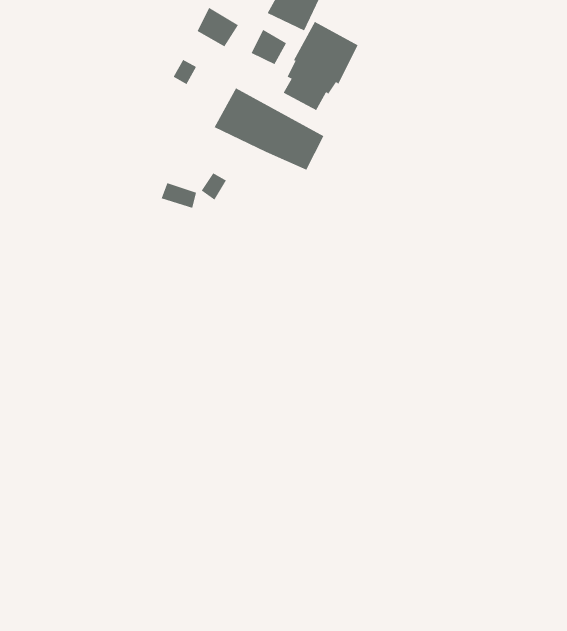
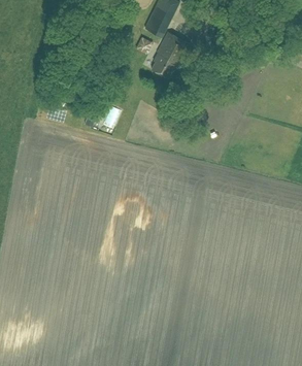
building: [214,88,324,170] -> none

